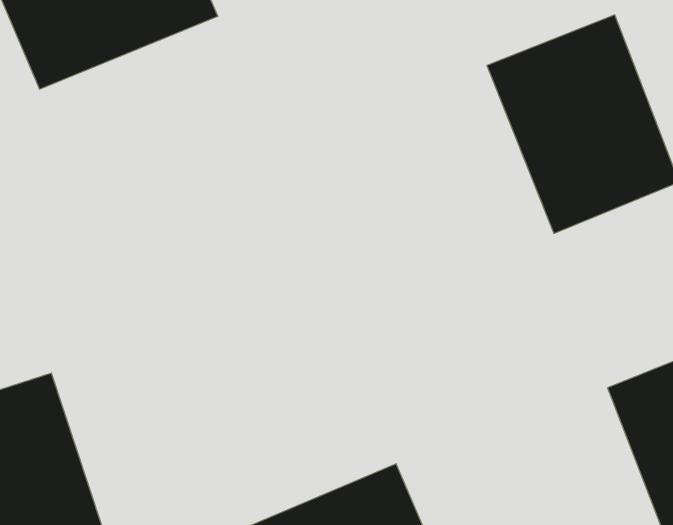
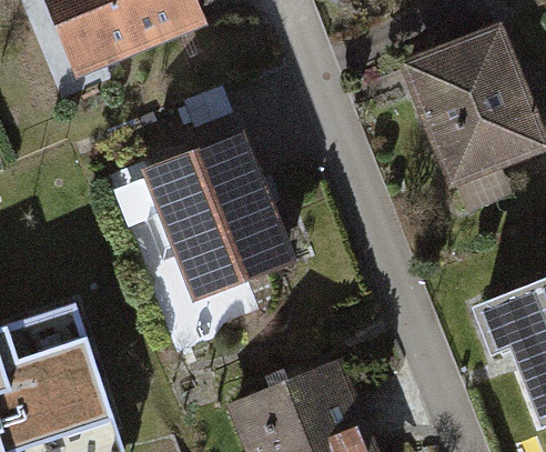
building: none -> [135,133,287,302]

